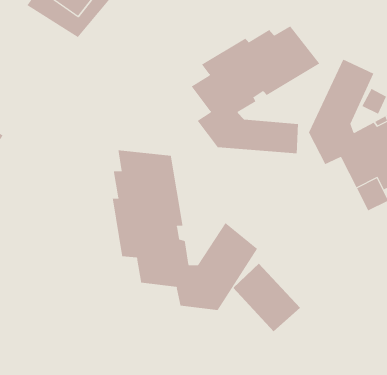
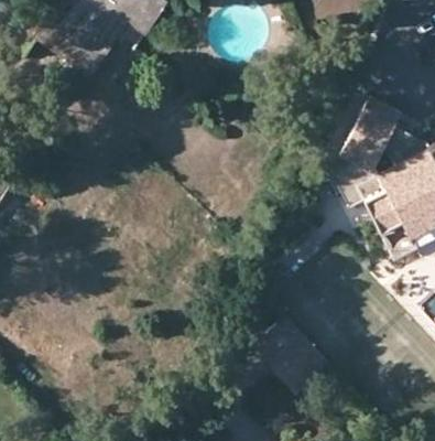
building: [191,25,320,154] -> none
building: [112,149,258,311] -> none

